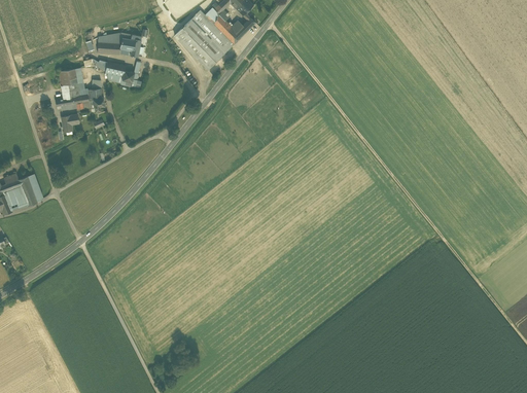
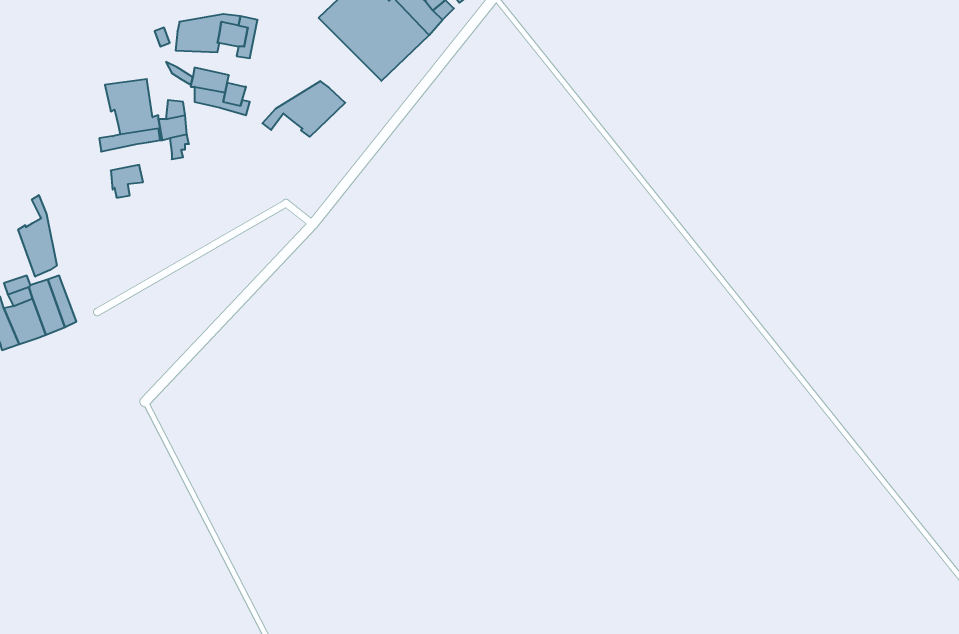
building: none -> [262,81,345,137]
building: none -> [18,195,57,277]

